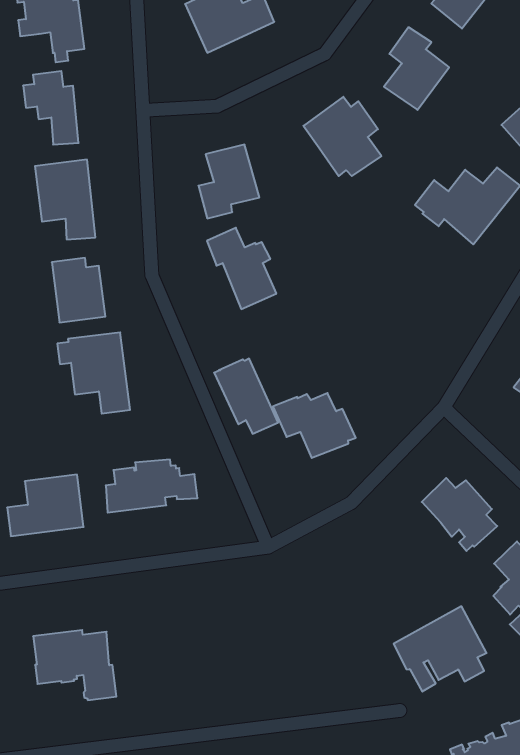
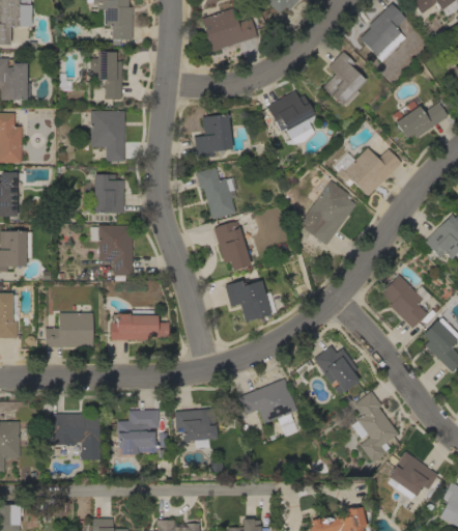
building: none -> [300,180,356,246]
building: [214,359,278,434] -> [213,222,251,271]
building: none -> [174,409,217,447]
building: [394,606,487,692] -> [238,379,297,430]
building: none -> [117,411,165,454]

